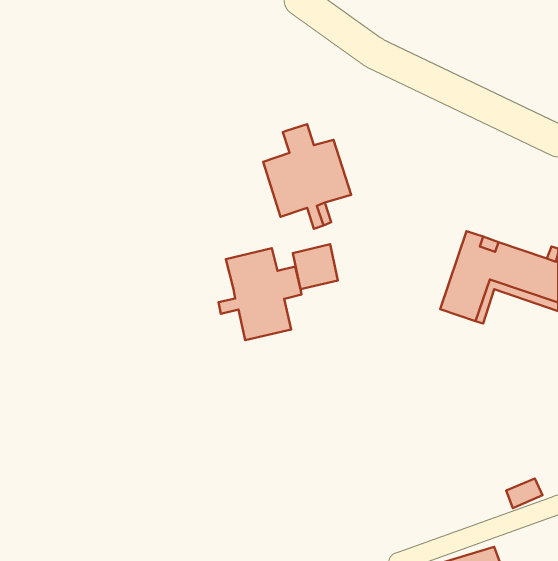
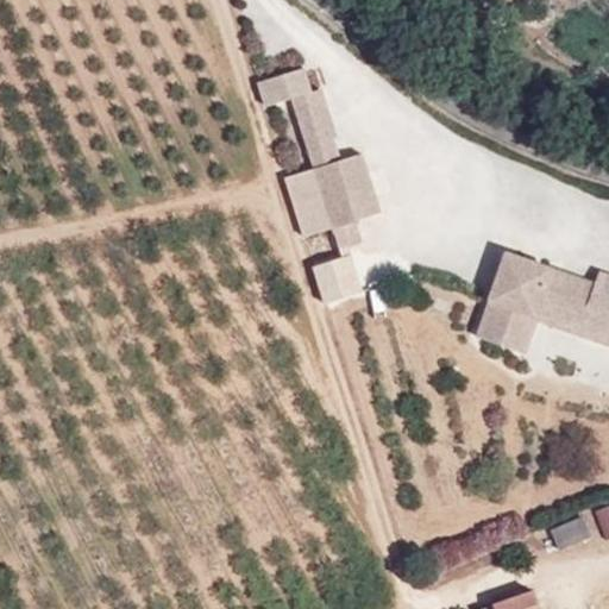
building: none -> [258,67,335,144]
building: [218,248,302,340] -> none

